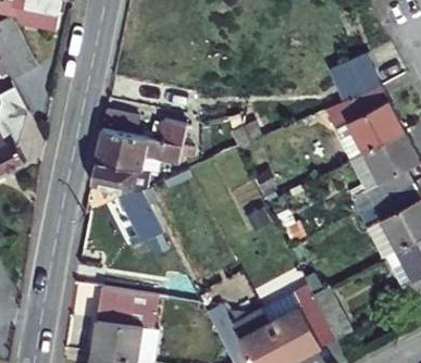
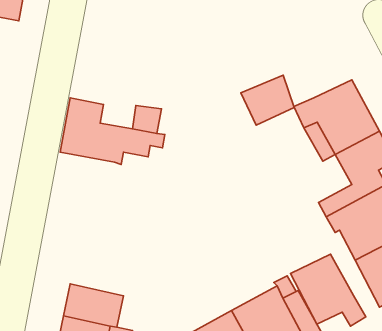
building: [329,55,381,104] -> [241,75,294,125]
building: [89,158,160,241] -> none
building: none -> [291,254,366,326]

